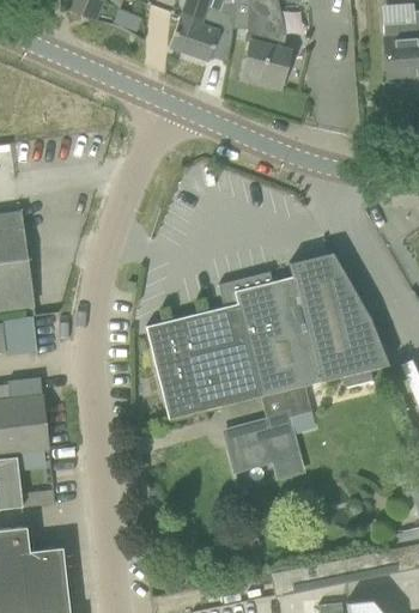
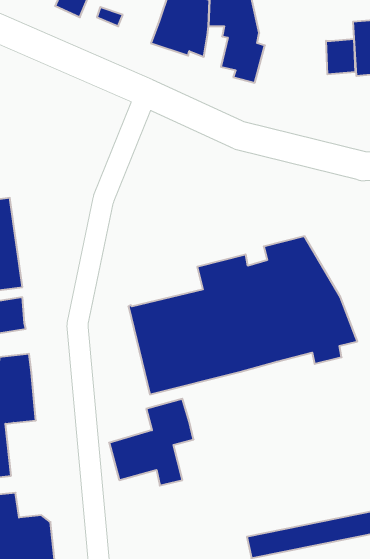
building: none -> [326,39,355,74]
building: [225,386,315,478] -> [109,399,194,486]

